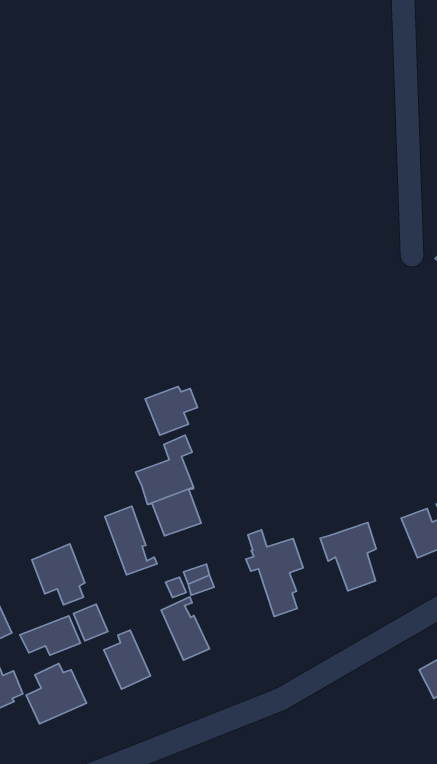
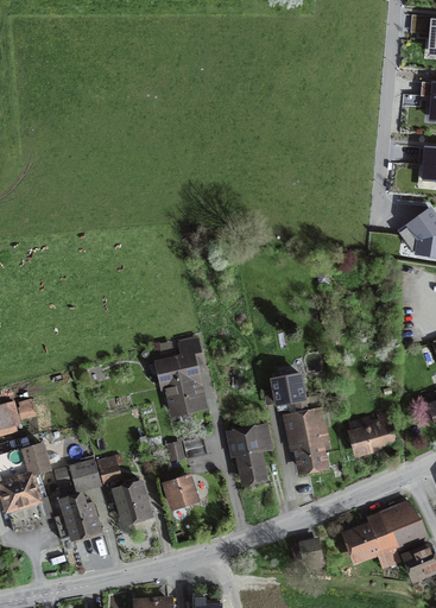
building: [145,386,197,435] -> none
building: none -> [271,374,323,428]
building: [105,506,157,575] -> none
building: [32,544,85,605] -> none
building: none -> [291,542,324,571]

